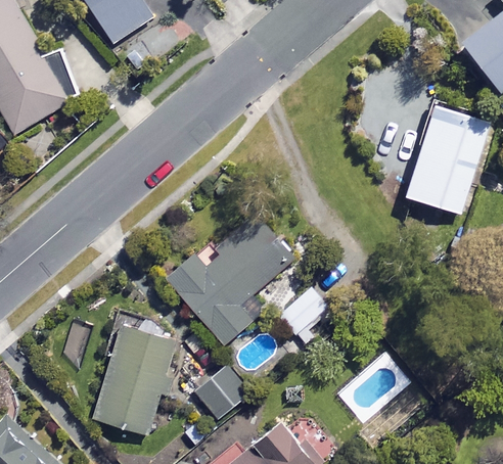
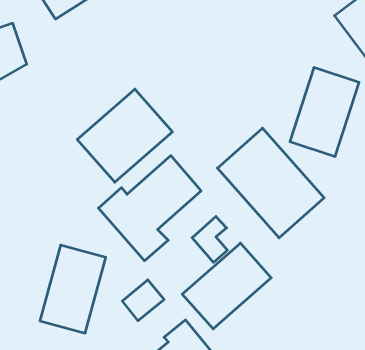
building: none -> [77,89,172,182]
building: none -> [217,128,324,238]
building: none -> [182,243,271,329]

